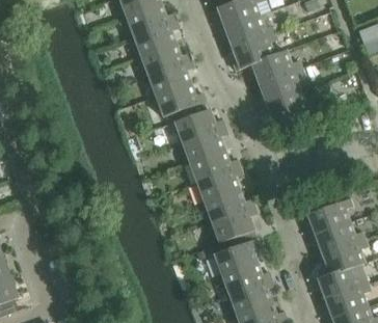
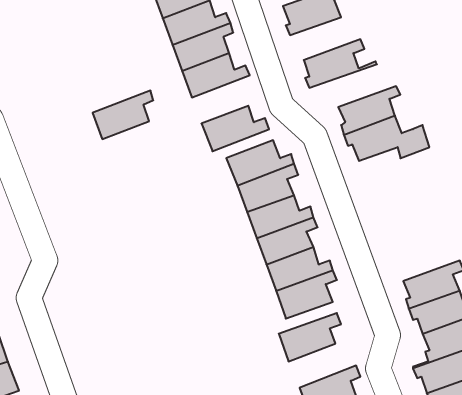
building: [221,16,274,48] -> none
building: [236,51,301,83] -> none
building: [147,59,193,96] -> [93,91,153,139]
building: [220,261,271,294] -> none

